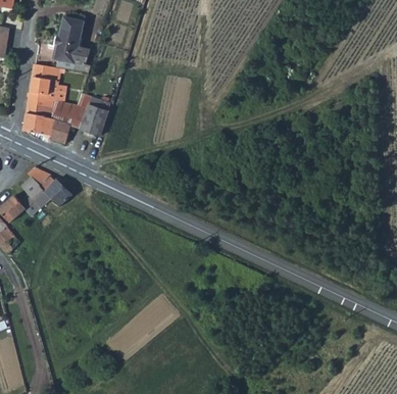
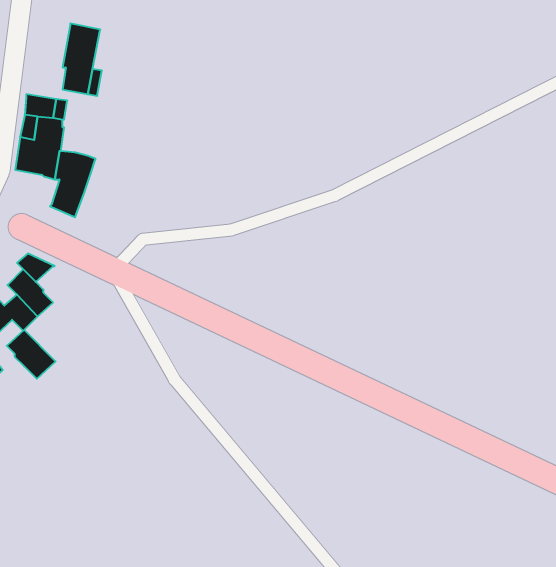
building: [71,94,109,136] -> none
building: [23,112,55,135] -> none
building: [40,175,71,206] -> [7,330,56,379]

